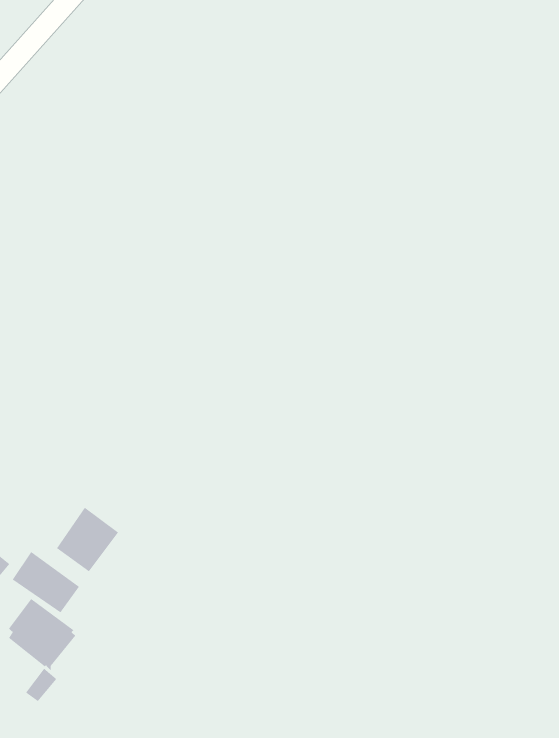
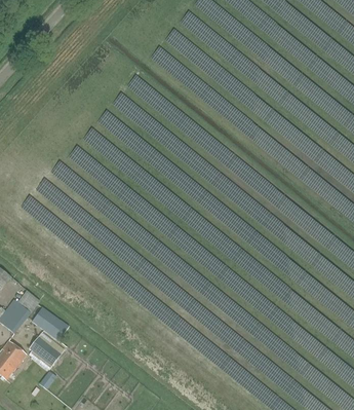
building: [56,507,119,572] -> none

